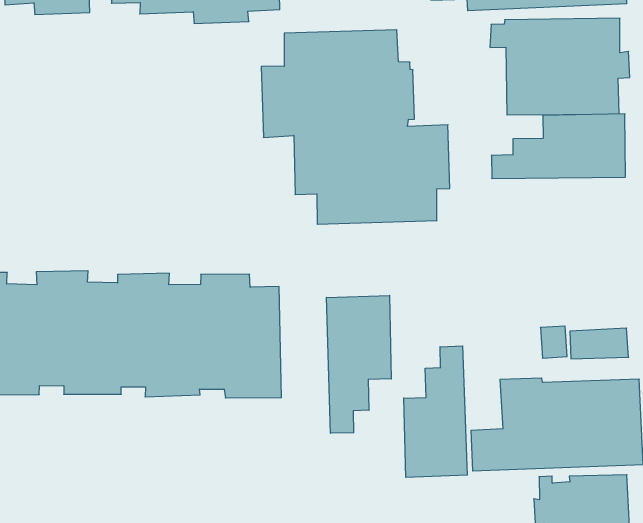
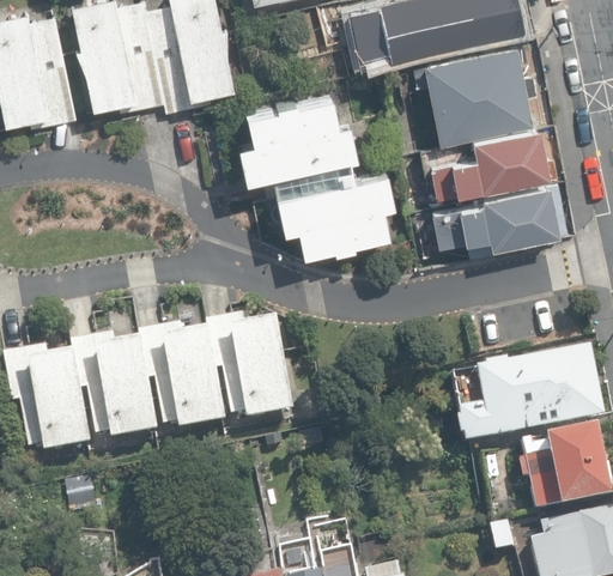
building: none -> [431,181,566,255]
building: [326,295,391,433] -> none
building: [404,346,467,477] -> none

